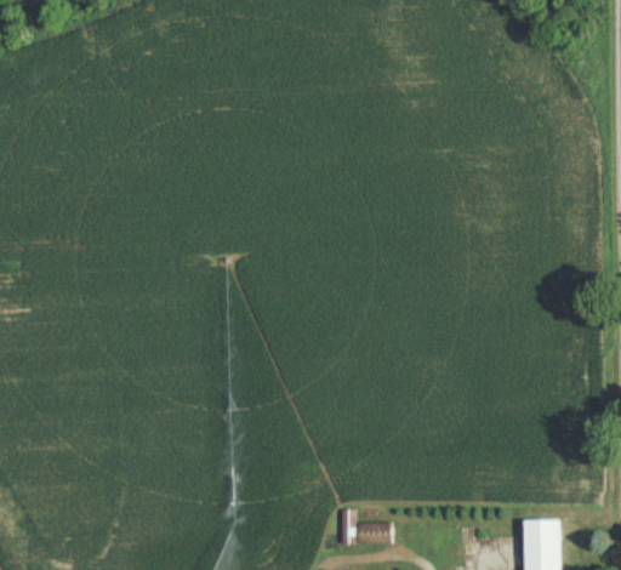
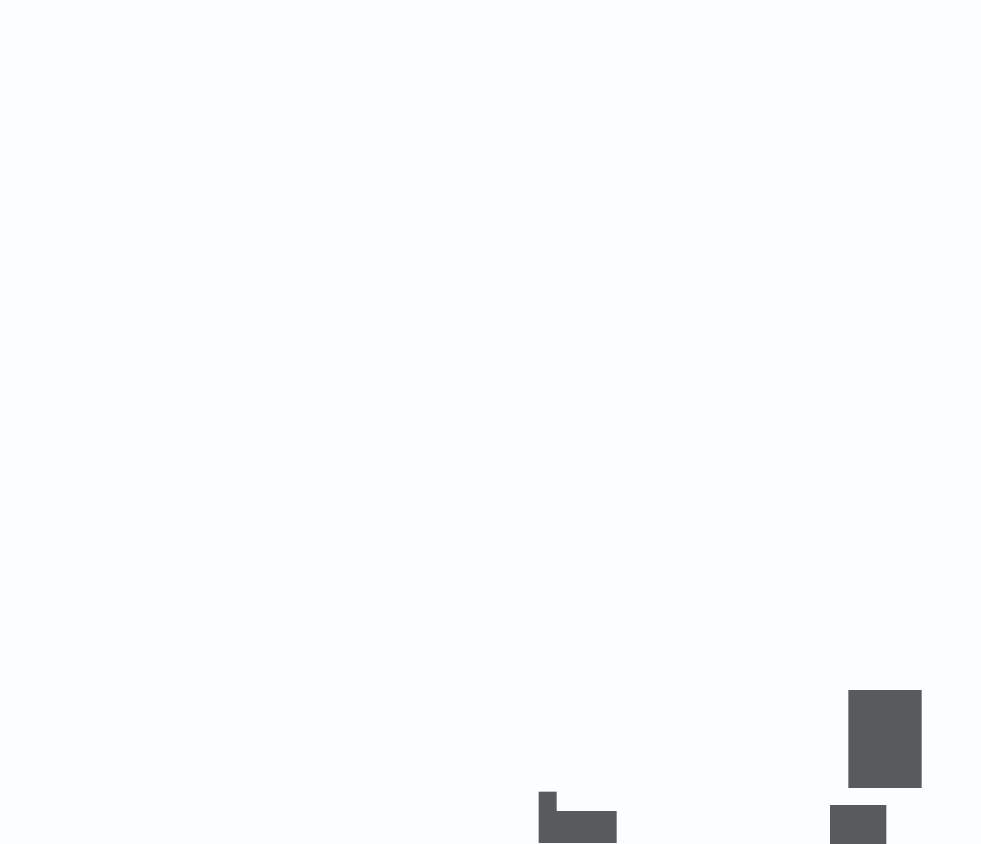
building: none -> [848,689,922,789]

